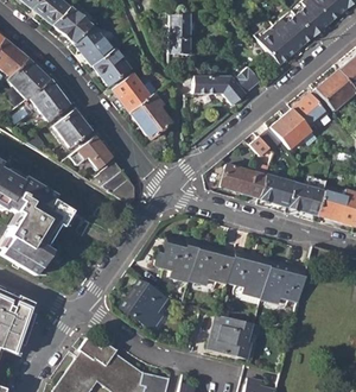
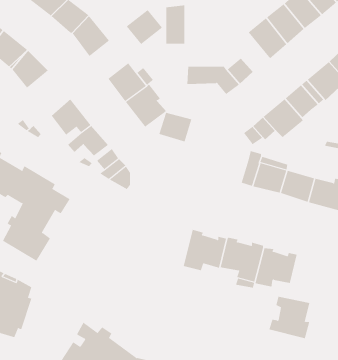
building: [93,48,131,84] -> [126,9,163,45]
building: [31,80,70,119] -> none
building: [221,164,255,195] -> [158,112,192,142]
building: [155,236,198,283] -> none
building: [119,280,165,333] -> none
building: [209,316,252,360] -> [268,296,310,339]

